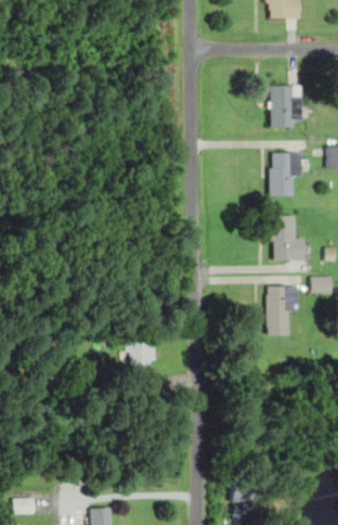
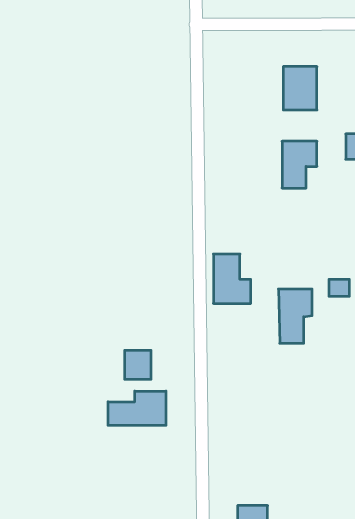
building: [271,216,304,260] -> [213,254,251,303]
building: none -> [108,391,166,425]

